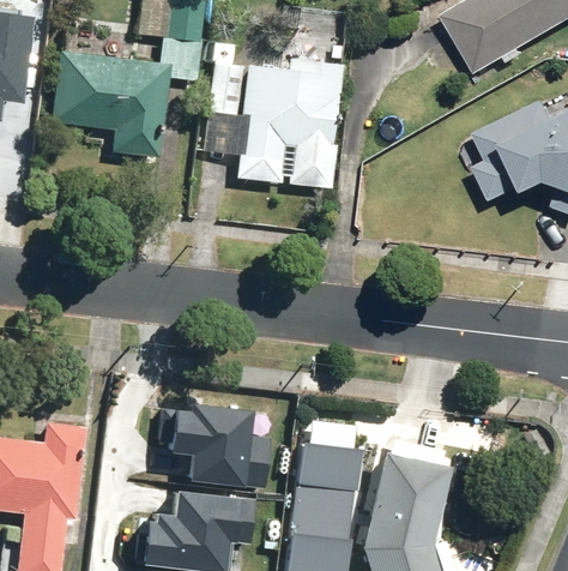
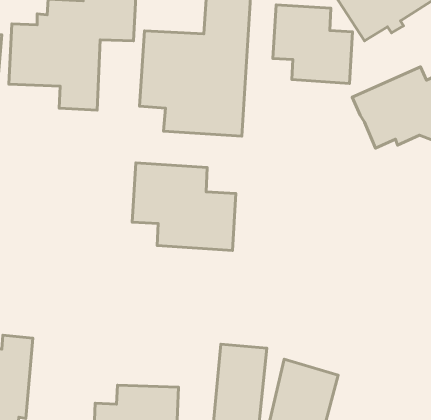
building: none -> [273,5,353,83]
building: none -> [132,163,236,251]
building: [153,395,259,486] -> none

